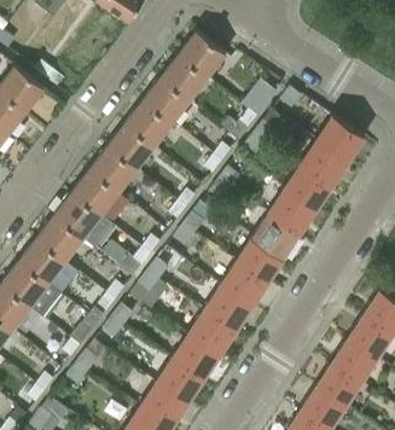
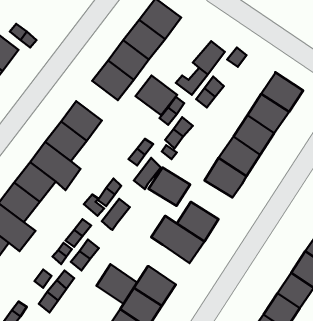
building: [108,124,155,169] -> [135,76,177,115]
building: [237,237,284,280] -> [149,167,190,206]
building: [190,309,236,354] -> [97,264,137,304]

